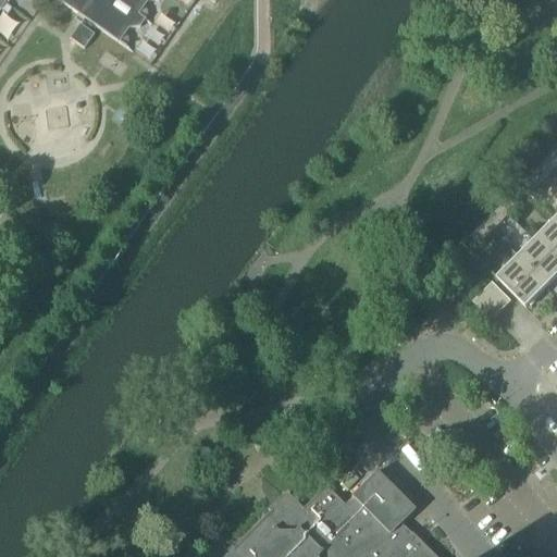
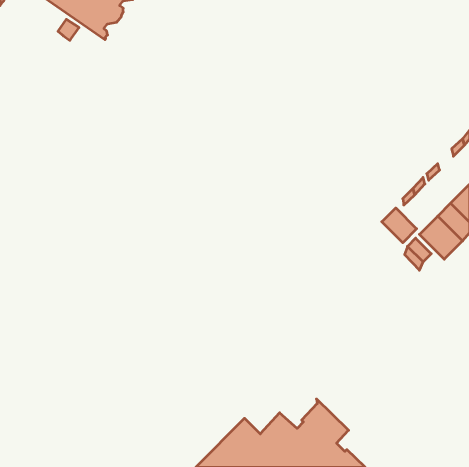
building: none -> [382,208,417,243]

